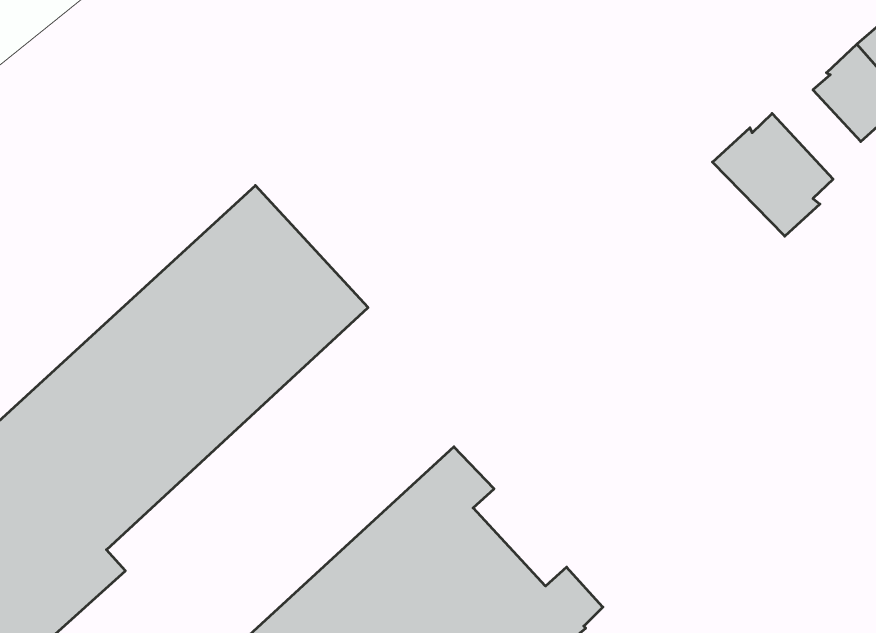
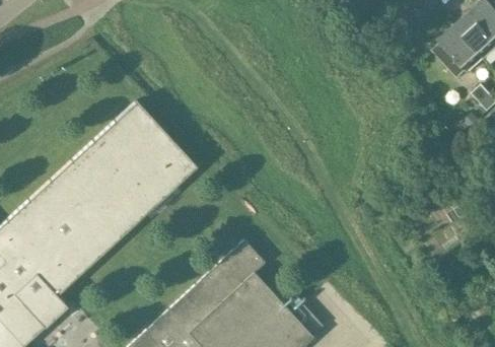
building: [712,113,833,236] -> none

